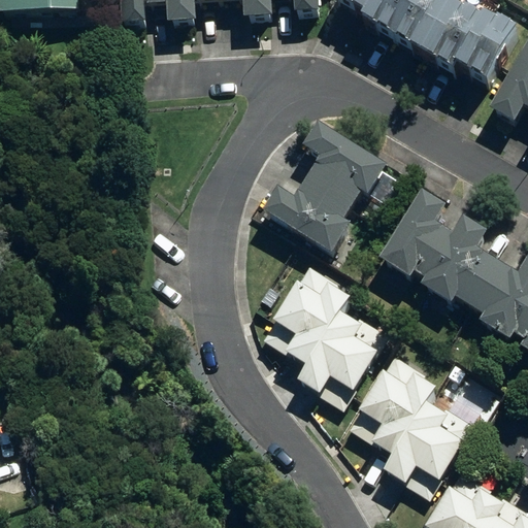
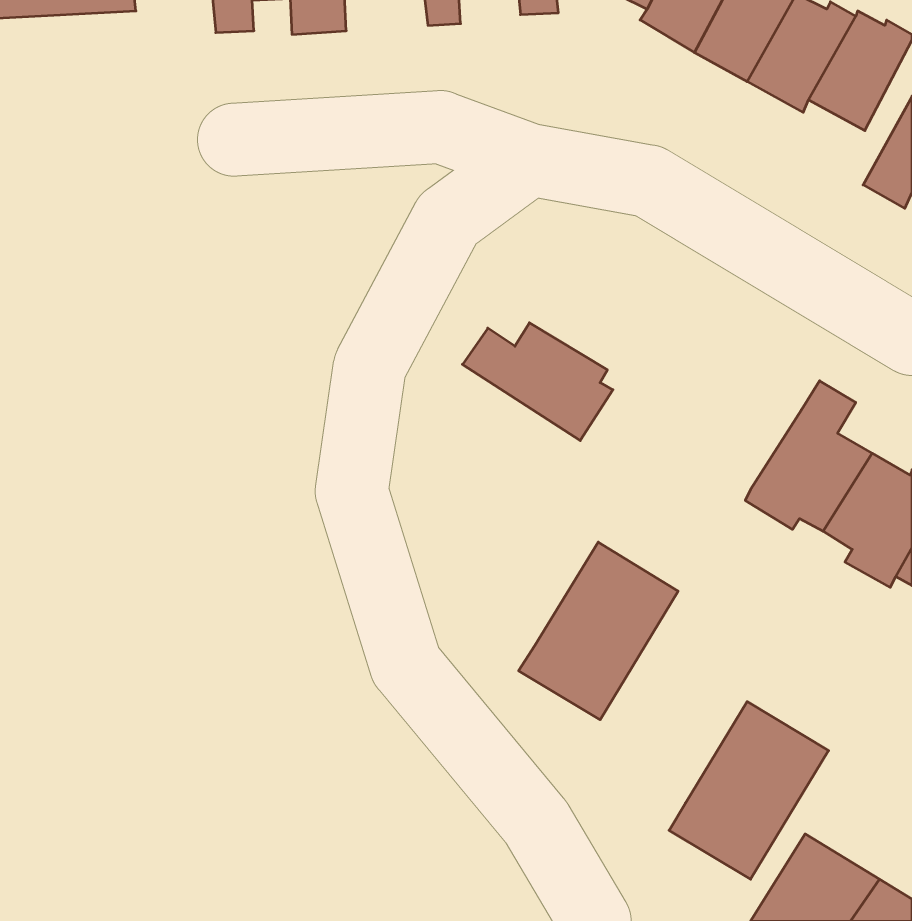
building: [298,131,378,210] -> none
building: [380,190,456,278] -> none
building: [261,268,349,367] -> none
building: [348,358,435,457] -> none

